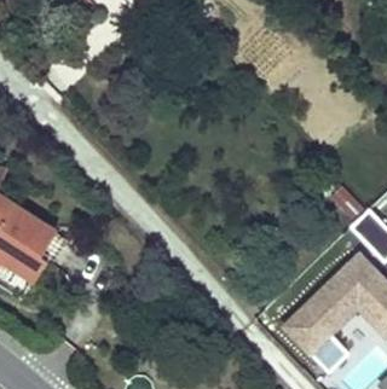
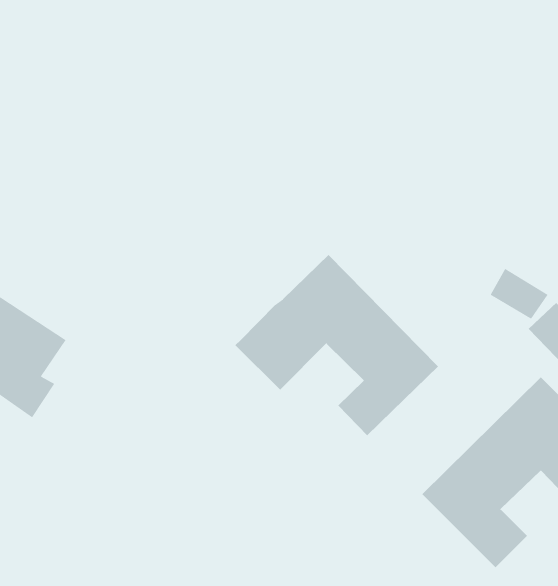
building: none -> [235,254,439,436]

